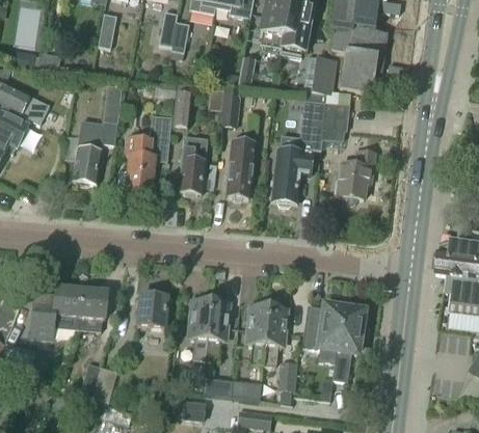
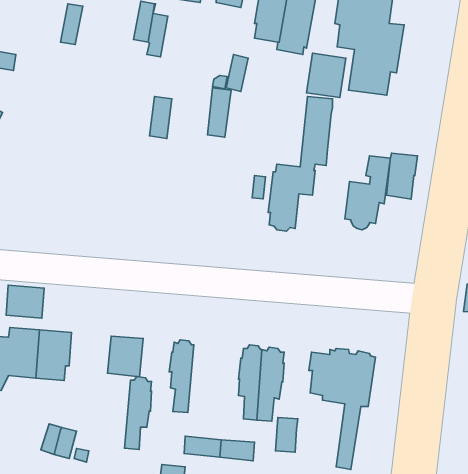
building: [74,83,122,184] -> none
building: [322,101,348,139] -> [387,153,417,199]
building: [117,115,170,190] -> none
building: [179,135,207,193] -> none
building: [227,139,256,198] -> none
building: none -> [6,285,44,318]
building: [205,297,228,358] -> [124,377,152,449]

